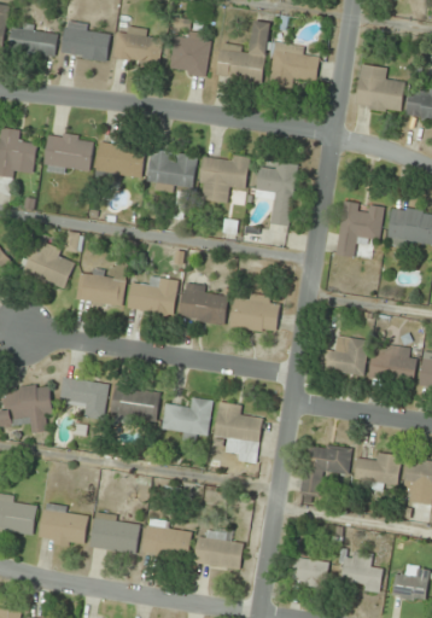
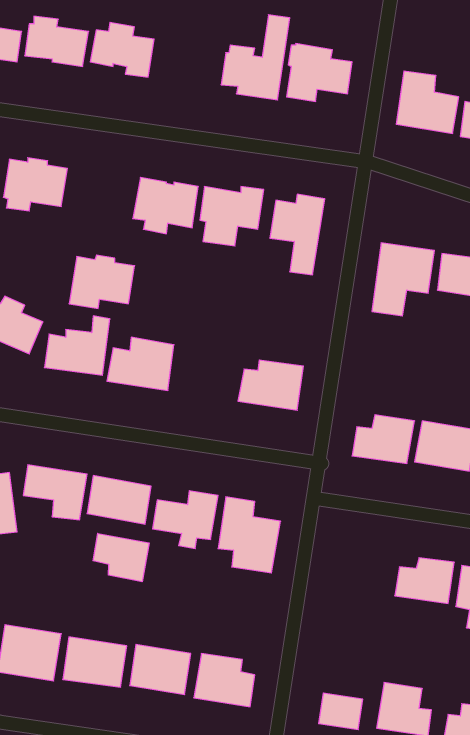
building: [168,31,210,77] -> none
building: [93,140,145,182] -> [69,255,135,308]
building: [177,282,228,325] -> none
building: none -> [93,533,149,582]
building: [298,441,351,497] -> none

